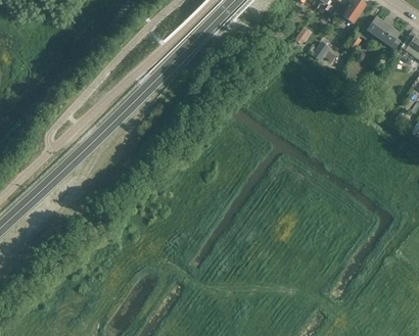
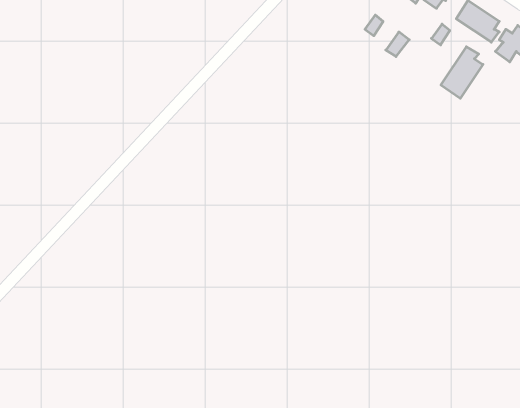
building: none -> [441,47,483,98]

